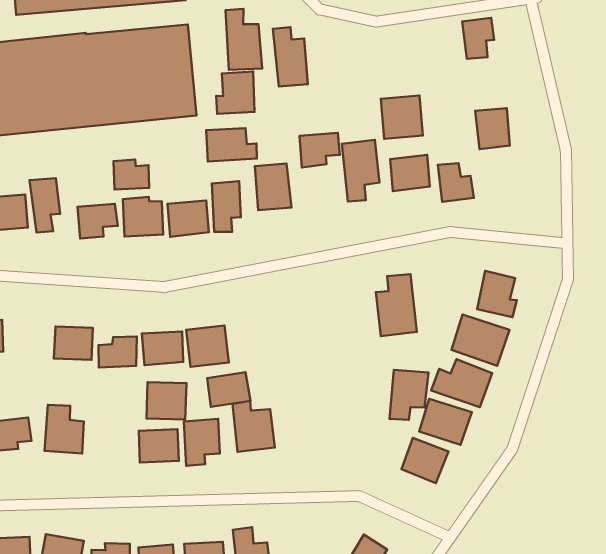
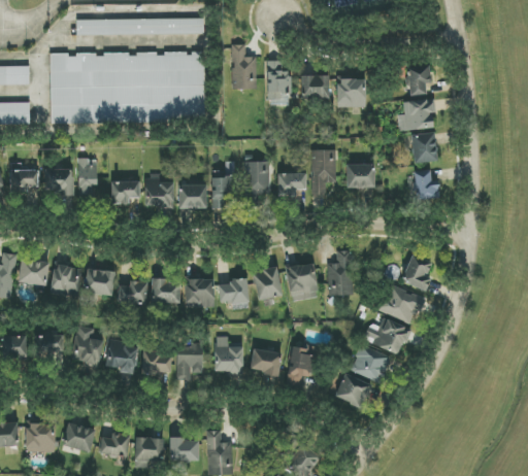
building: none -> [300,75,330,99]
building: none -> [403,100,432,130]
building: [216,71,255,114] -> none
building: [381,96,423,139] -> [336,77,365,107]
building: [206,128,257,161] -> none
building: [299,133,340,168] -> [276,173,305,197]
building: [113,159,149,189] -> none
building: [438,163,474,202] -> [414,171,438,199]
building: none -> [285,262,319,302]
building: none -> [253,268,280,299]
building: none -> [50,264,80,295]
building: [389,370,429,420] -> [285,347,317,385]
building: [207,372,251,407] -> [218,280,249,304]
building: [146,382,187,419] -> [105,342,137,372]
building: none -> [250,349,280,377]

